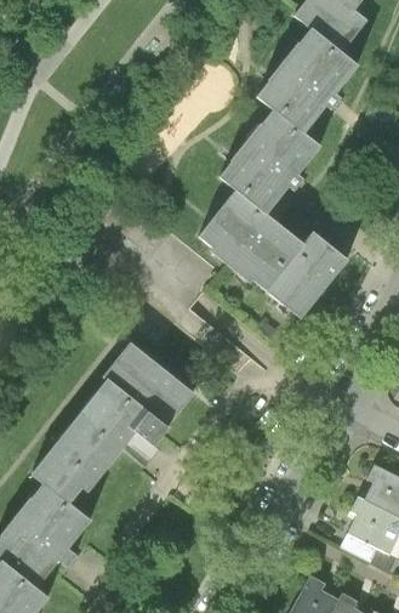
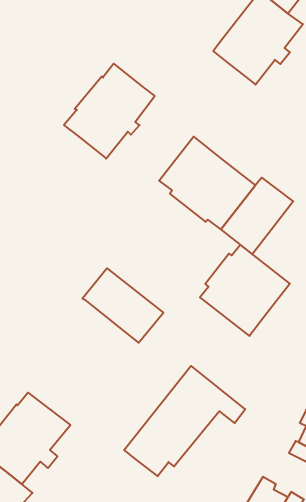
building: [216,109,318,216] -> [64,64,155,159]
building: none -> [200,245,290,336]
building: [35,375,171,499] -> [124,366,245,476]

